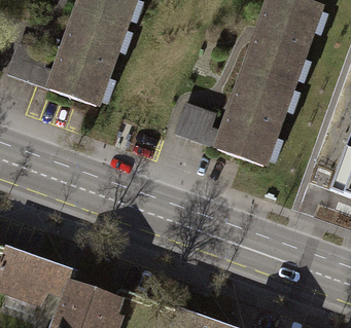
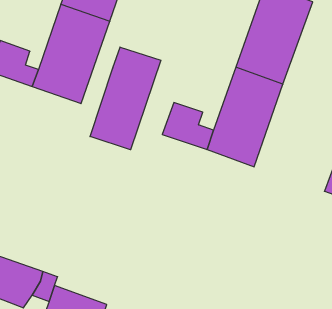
building: none -> [90,47,161,150]

